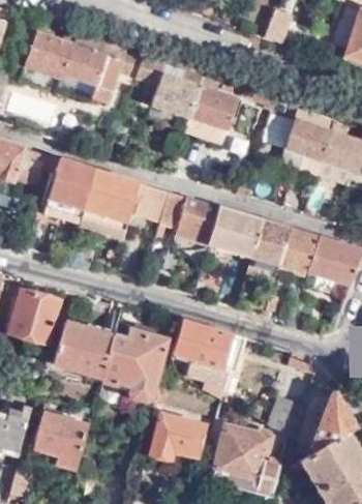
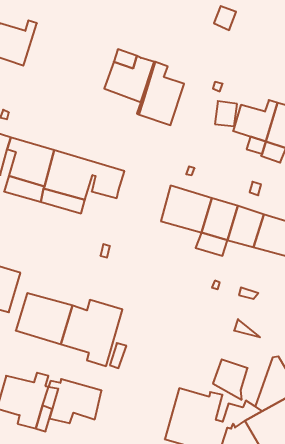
building: [62,32,143,103] -> none
building: [163,191,219,245] -> none
building: [174,321,247,397] -> none
building: [148,412,205,459] -> [49,379,102,423]

